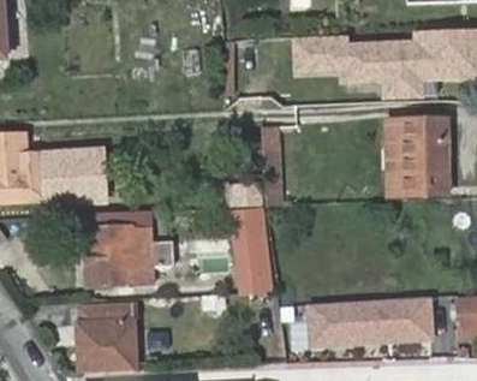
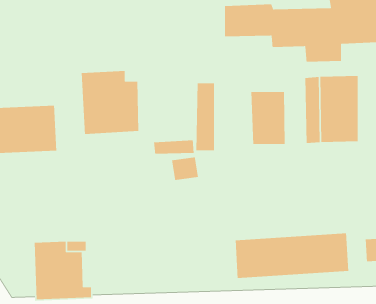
building: none -> [251,91,286,145]
building: [83,212,149,285] -> [81,70,139,135]
building: [237,237,274,292] -> none

